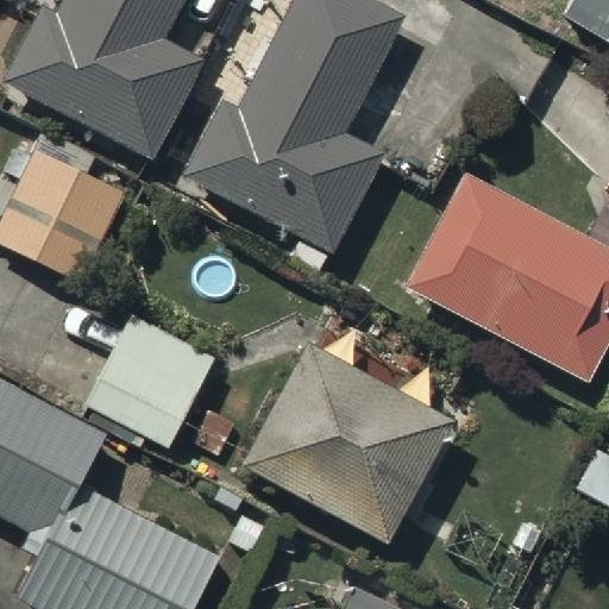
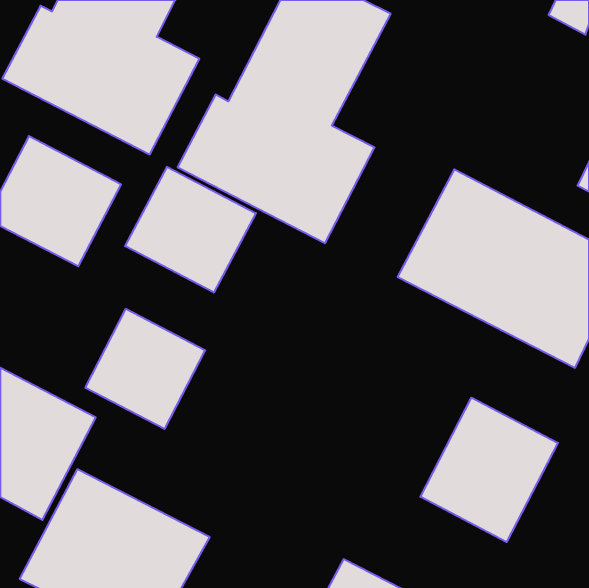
building: none -> [125,167,256,293]
building: [240,340,450,536] -> none
building: none -> [420,398,558,542]

